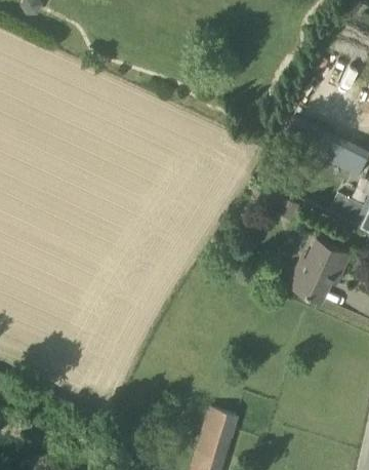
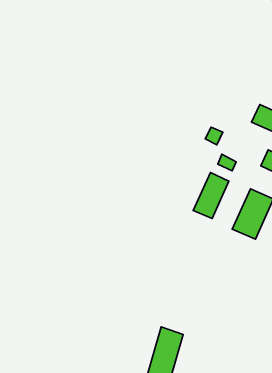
building: none -> [193,173,229,218]

